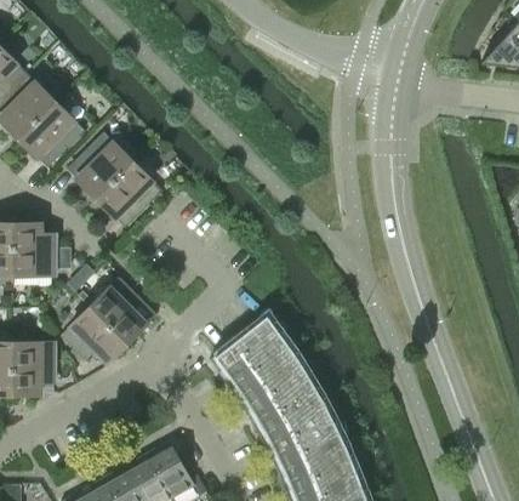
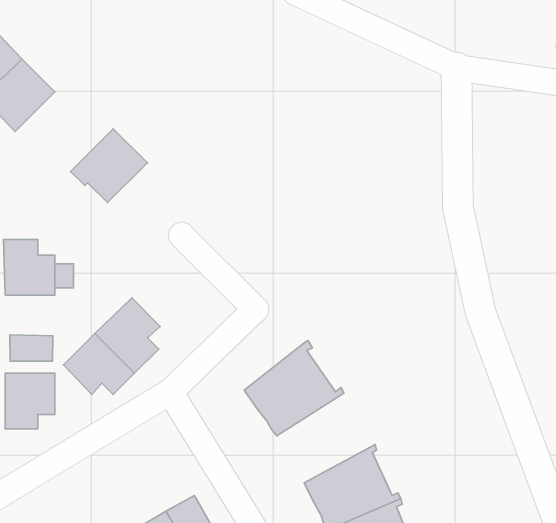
building: [21,102,85,170] -> none
building: [99,163,162,228] -> none
building: none -> [10,335,53,361]
building: [244,359,327,435] -> none

